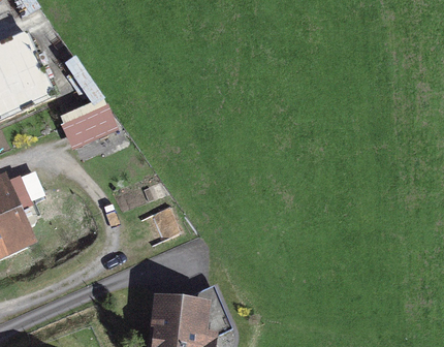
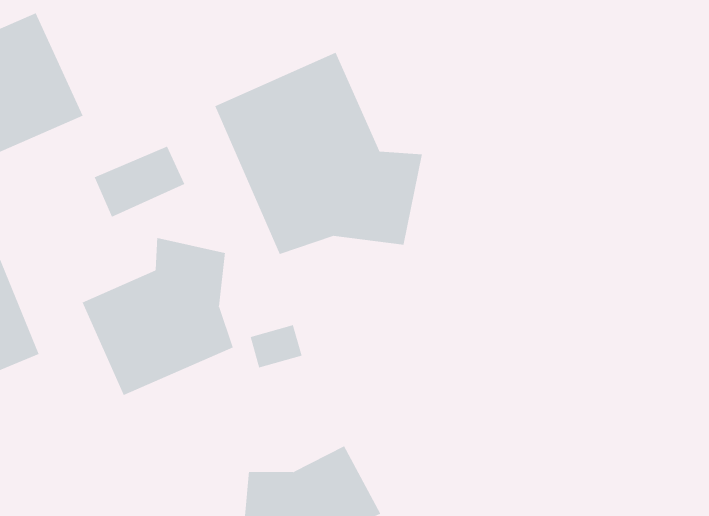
building: none -> [215,52,423,255]
building: none -> [82,237,234,396]

